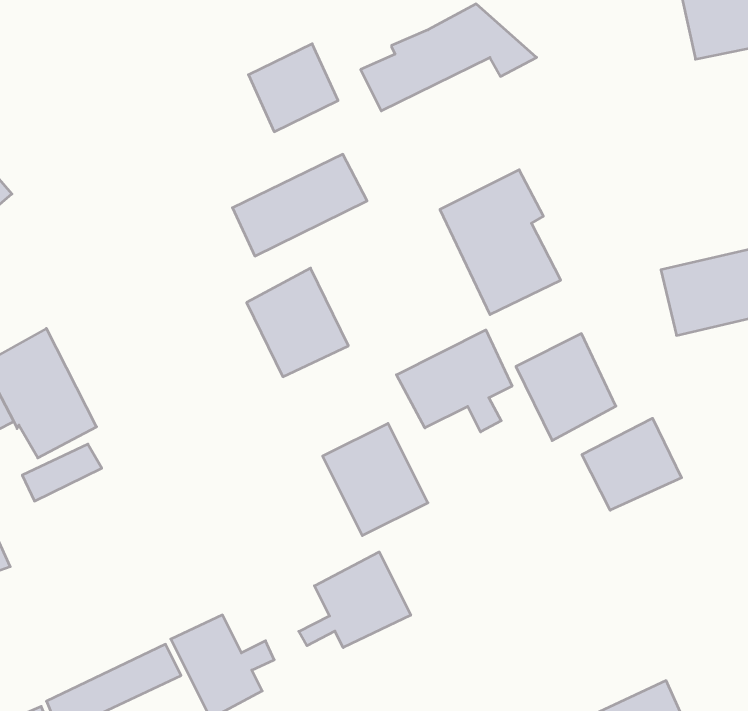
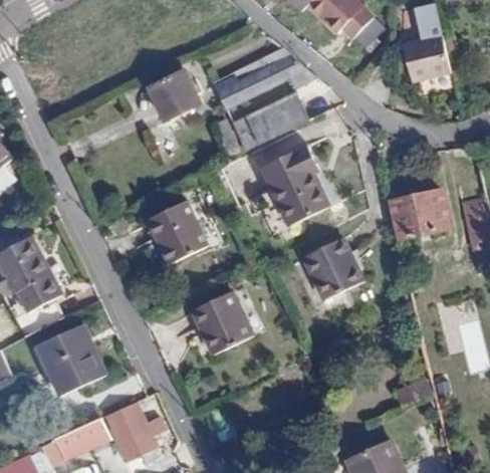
building: [232,154,367,256] -> [232,91,310,151]
building: [396,330,512,432] -> none
building: [582,418,682,510] -> none
building: none -> [37,324,106,395]
building: [299,552,411,648] -> none

